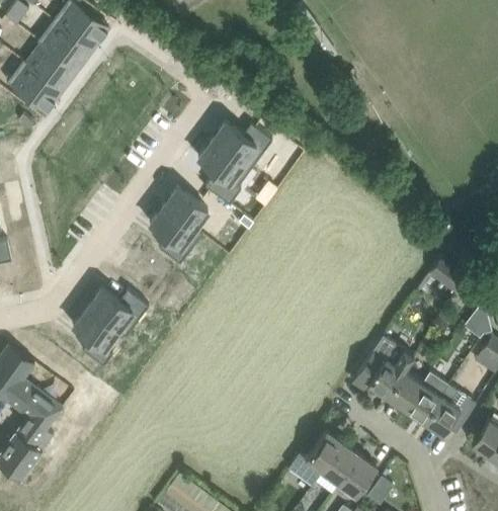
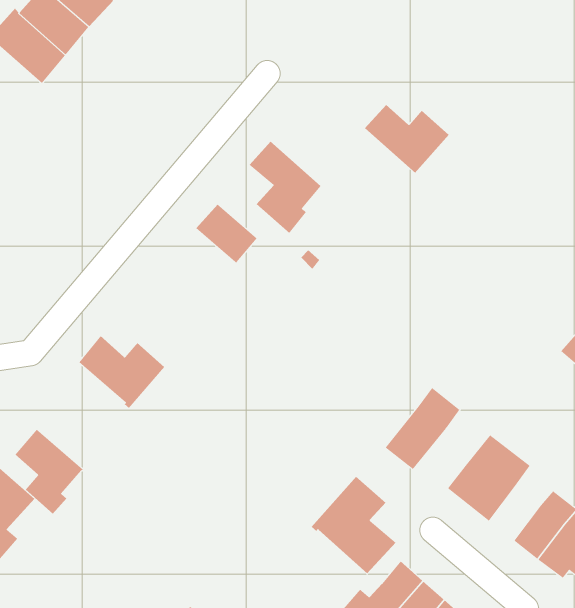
building: [212,123,272,171] -> [364,104,449,174]
building: [150,207,202,265] -> none
building: none -> [385,387,460,470]
building: [73,309,122,368] -> [15,429,83,514]
building: [387,373,422,412] -> none
building: none -> [311,476,397,574]

